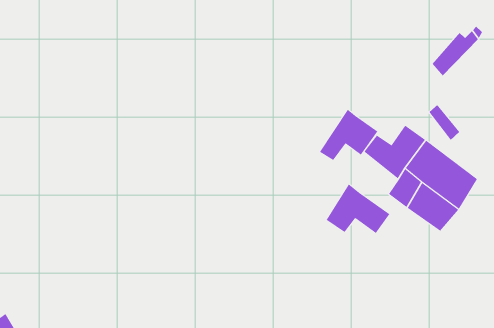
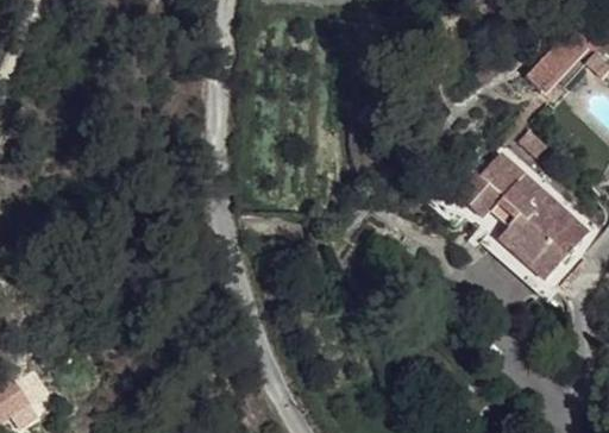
building: [319,109,378,161] -> none
building: [326,184,390,234] -> none

